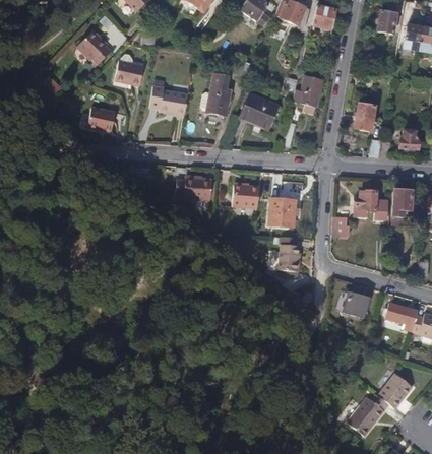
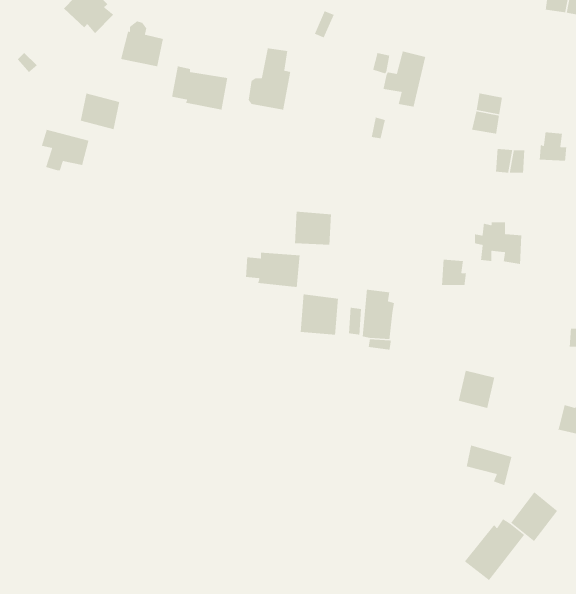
building: [239,92,276,127] -> none
building: none -> [41,129,89,171]
building: [176,175,213,199] -> [245,252,301,288]
building: [392,189,412,224] -> none
building: [268,197,295,225] -> [300,294,339,336]
building: [385,302,417,330] -> [466,444,512,486]

